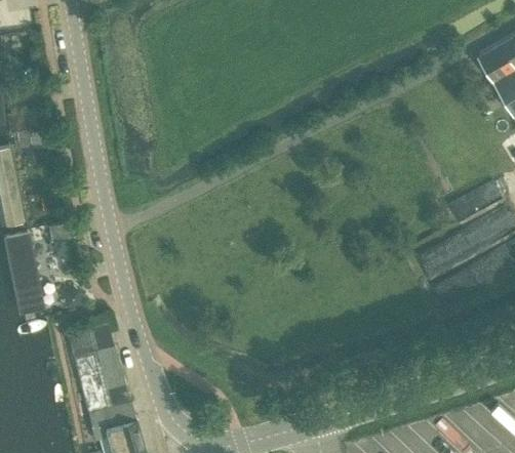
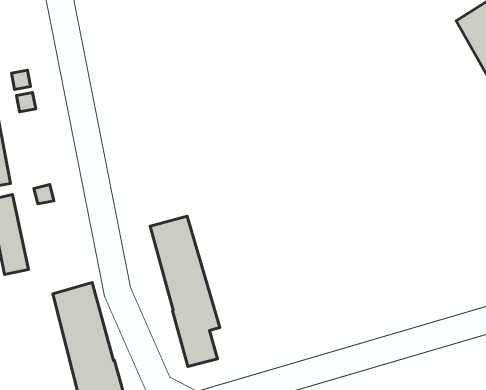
building: none -> [150,216,220,366]

